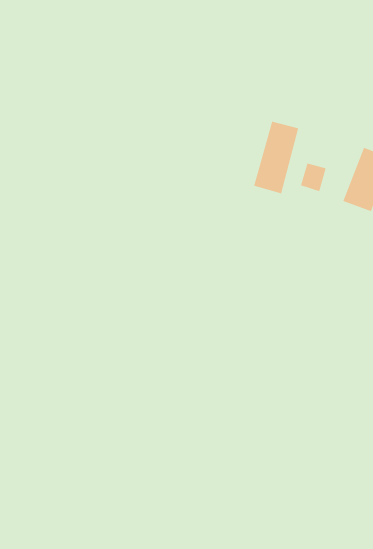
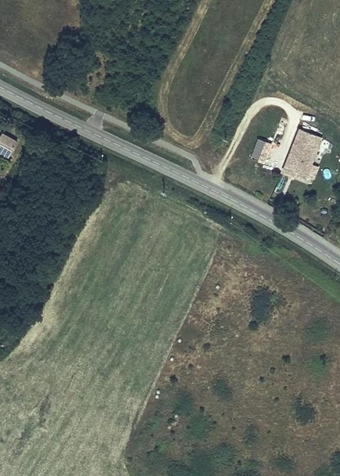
building: [254,121,299,194] -> none

